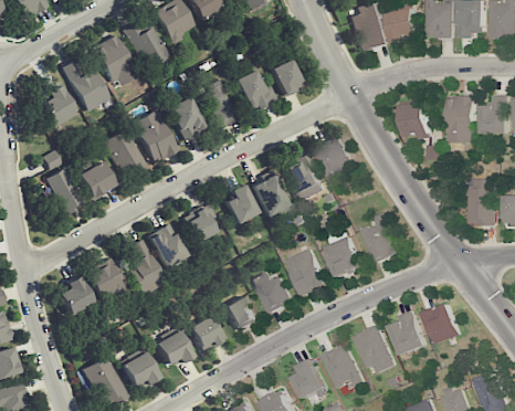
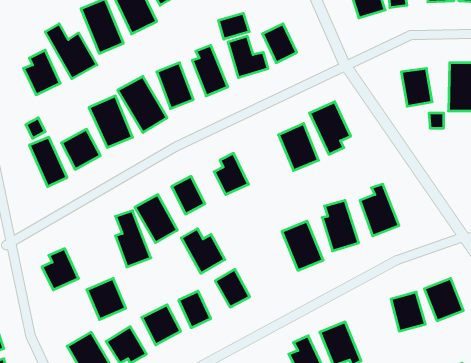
building: none -> [219,13,249,39]
building: [249,175,284,215] -> none
building: [85,260,123,299] -> [87,278,126,320]
building: [250,271,292,314] -> [181,229,225,273]
building: [354,325,396,376] -> none

